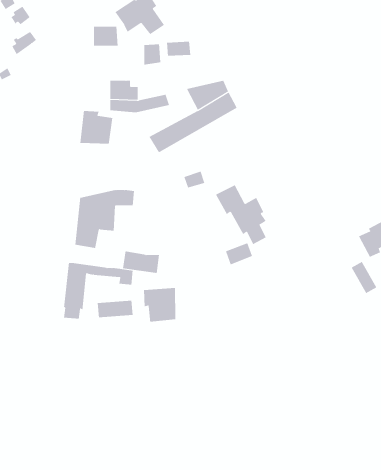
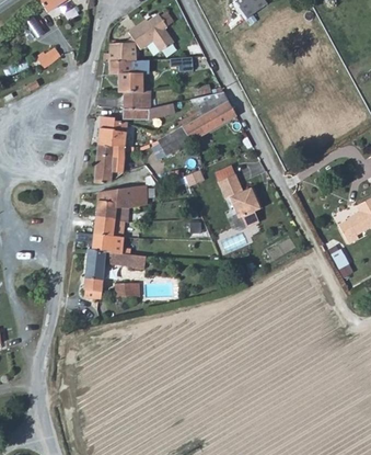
building: none -> [108,60,143,91]
building: none -> [93,145,124,182]
building: [122,251,160,273] -> [91,234,124,253]
building: [144,287,176,322] -> none

